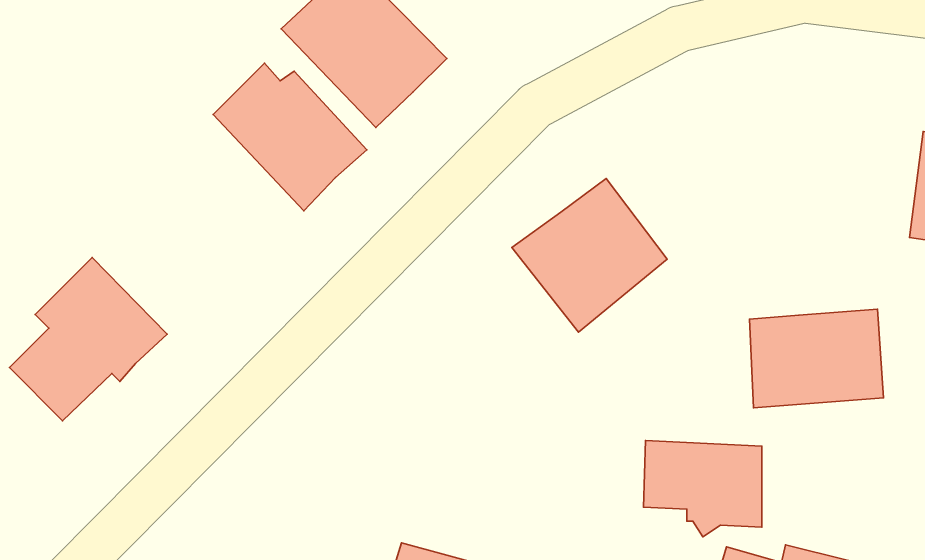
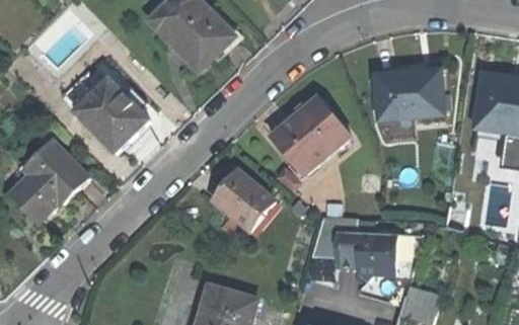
building: [213,63,367,211] -> [68,76,147,152]
building: [750,309,884,408] -> [373,70,442,120]
building: none -> [217,174,275,234]

